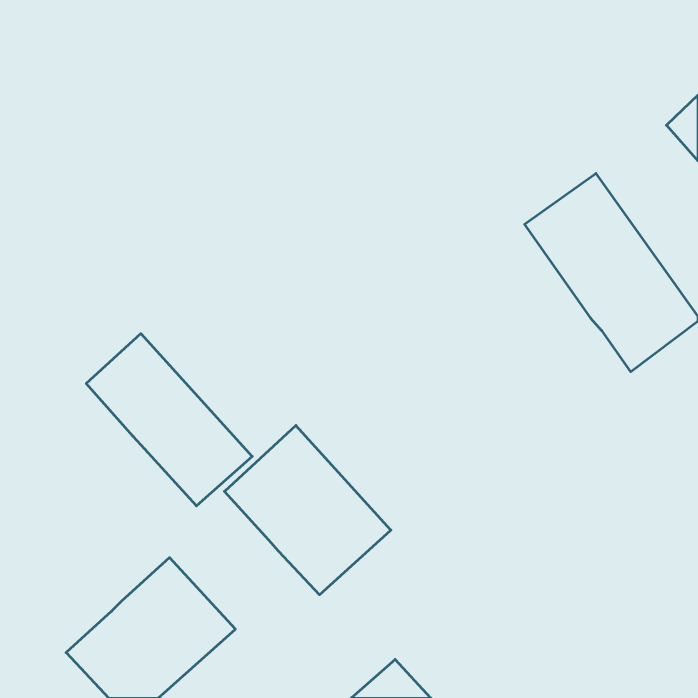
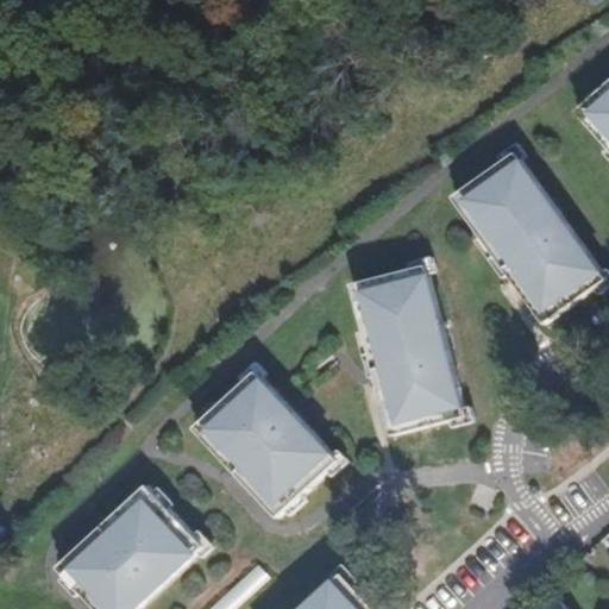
building: none -> [352,262,465,432]
building: [86,334,252,506] -> none

